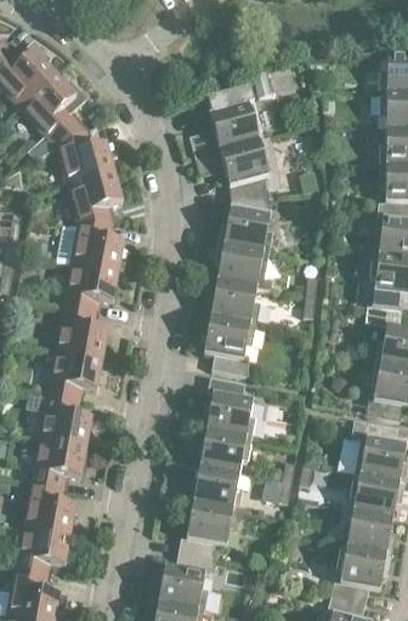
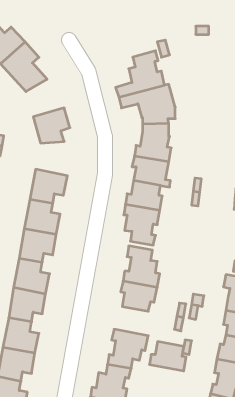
building: [56,131,113,187] -> none
building: [70,223,123,274] -> none
building: [187,468,242,512] -> [149,342,186,371]

